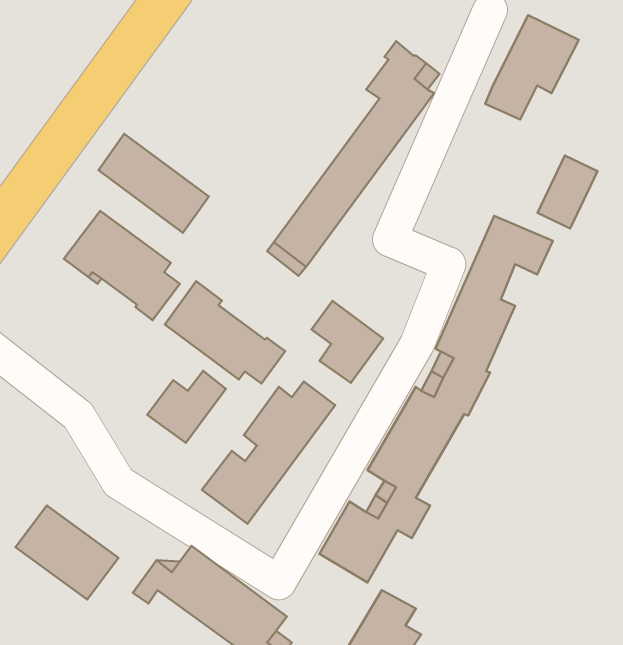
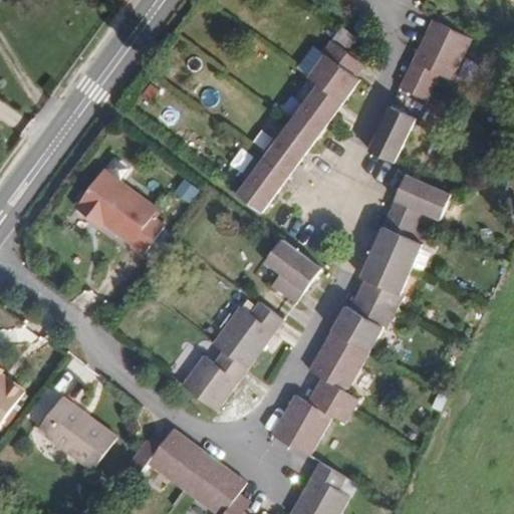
building: [98,134,209,233] -> none
building: [538,156,598,229] -> [368,105,415,162]
building: [165,281,285,384] -> none
building: [147,371,226,443] -> none

